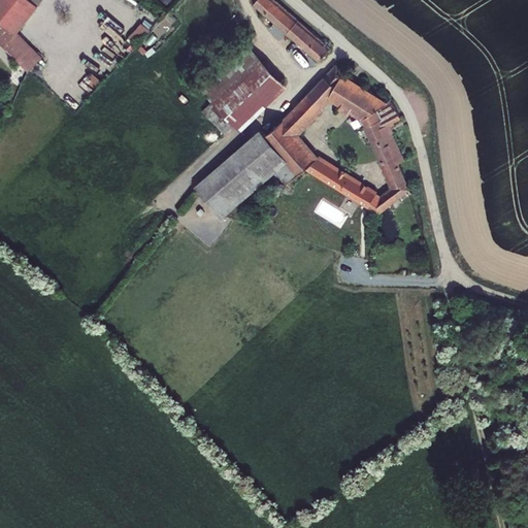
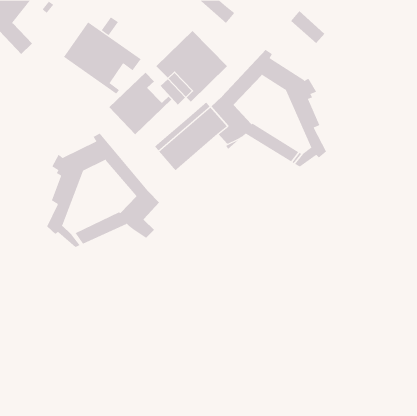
building: [285,20,329,62] -> [290,10,325,44]
building: none -> [63,22,141,95]
building: none -> [109,72,172,135]
building: none -> [47,133,160,248]

